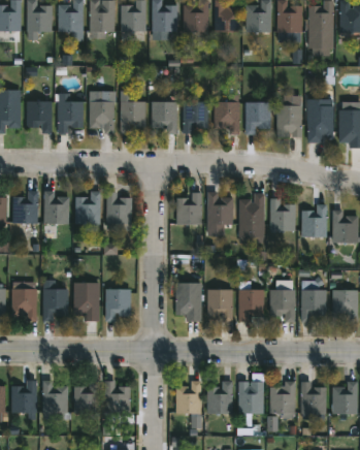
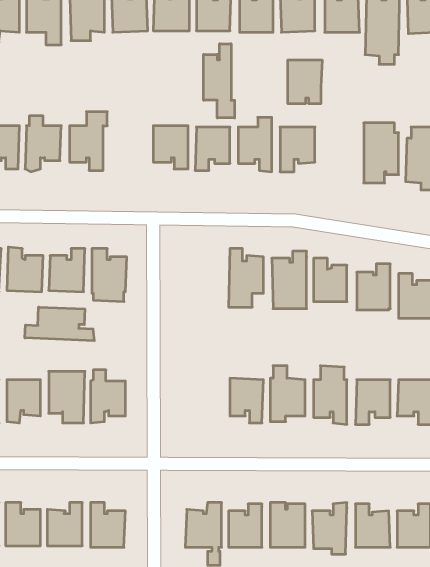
building: none -> [204,44,235,118]
building: [121,101,146,134] -> none
building: [276,105,302,137] -> [288,60,322,103]
building: [176,192,202,223] -> none
building: none -> [25,307,94,341]
building: [175,282,201,321] -> none

